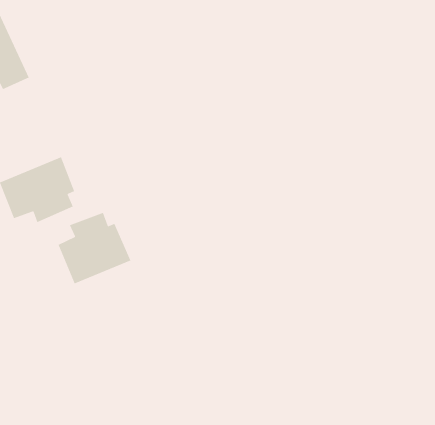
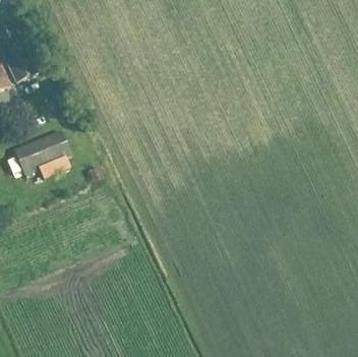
building: [57,212,131,285] -> none

